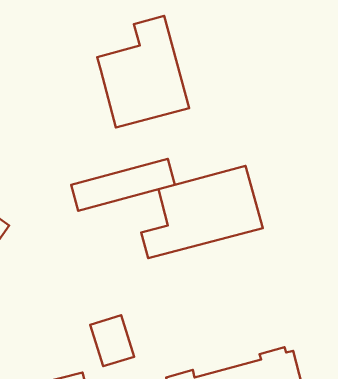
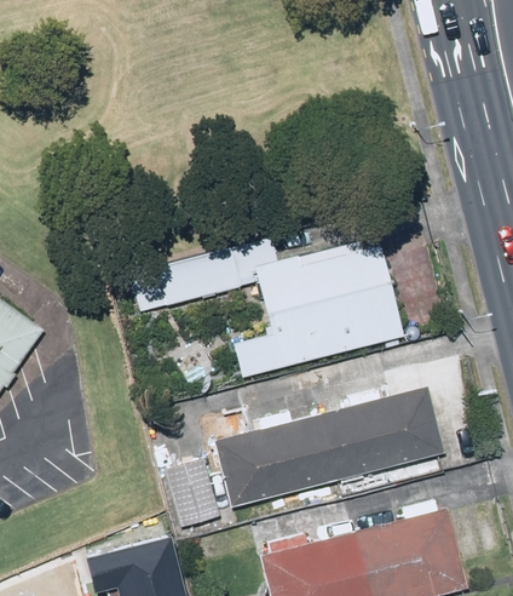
building: [97,16,189,127] -> none
building: none -> [212,384,443,508]

